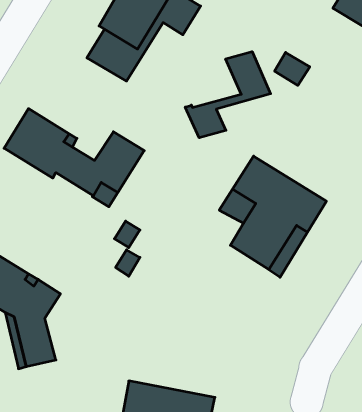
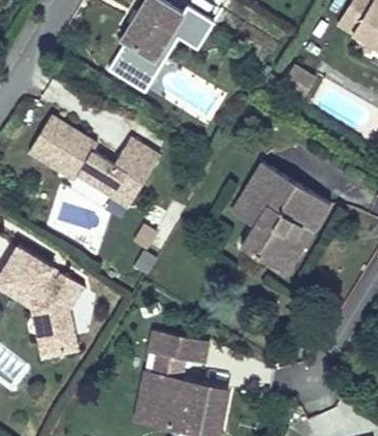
building: [185,52,271,138] -> none
building: none -> [150,330,207,363]

